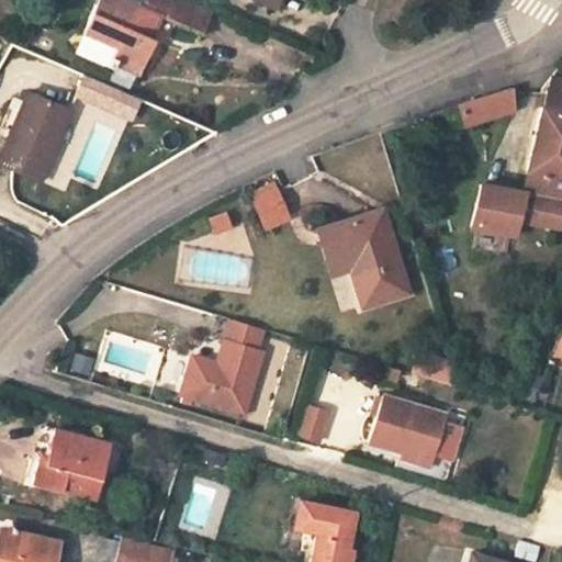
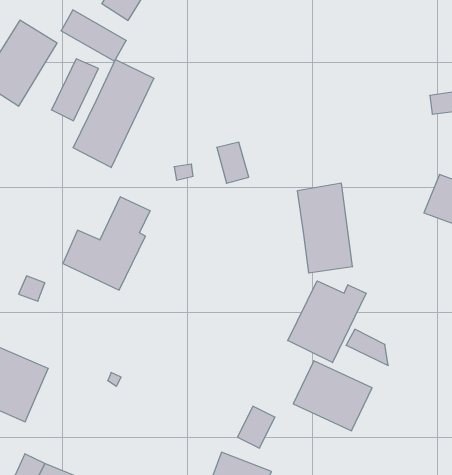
building: none -> [73,60,154,168]
building: [318,224,353,276] -> none
building: none -> [288,281,366,363]
building: [184,319,266,415] -> [63,197,150,290]
building: [299,403,334,445] -> [238,406,275,448]

